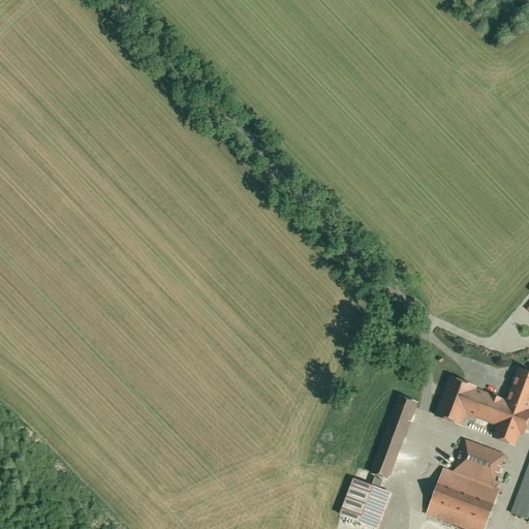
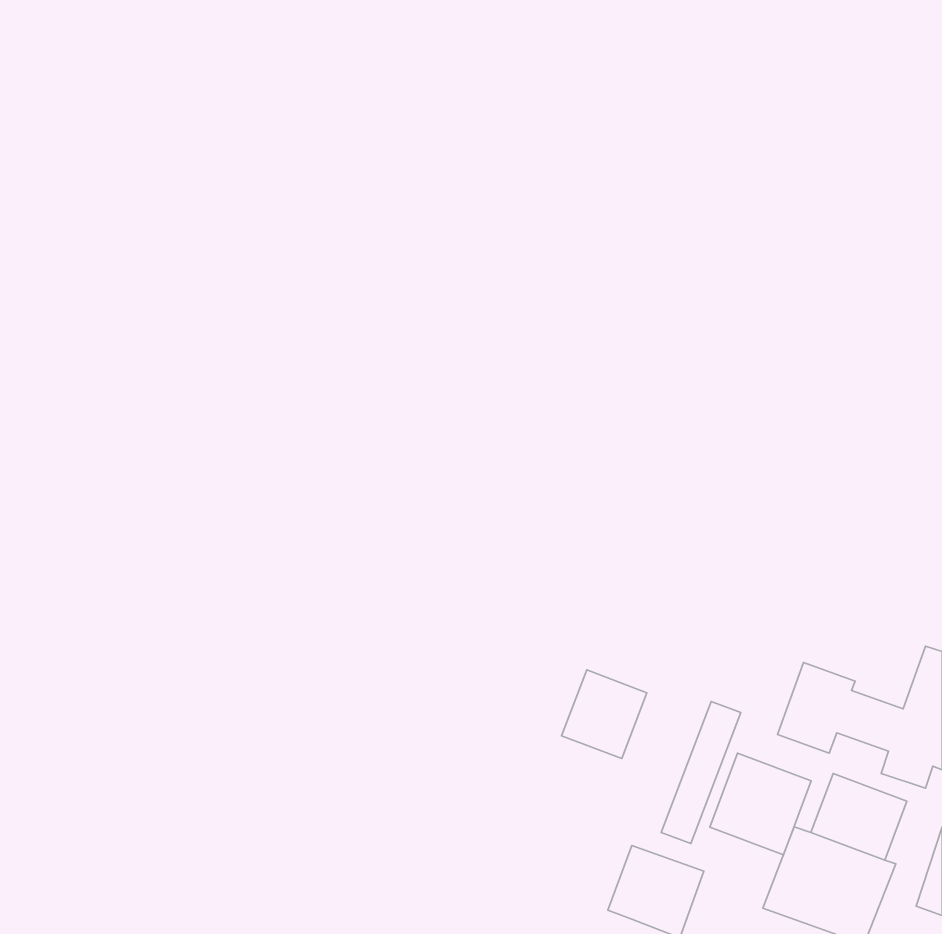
building: none -> [562,670,647,759]
building: none -> [710,753,811,855]

